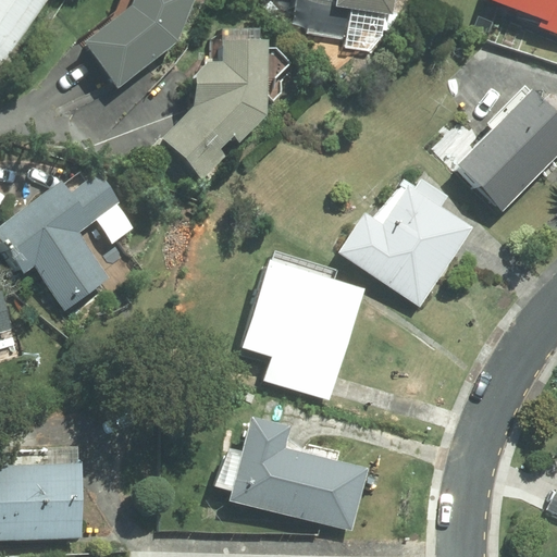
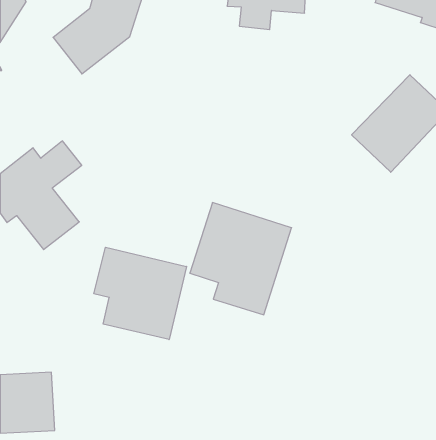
building: [153,47,260,183] -> none
building: [334,174,468,307] -> none
building: none -> [94,247,187,340]
building: [243,412,381,523] -> none

